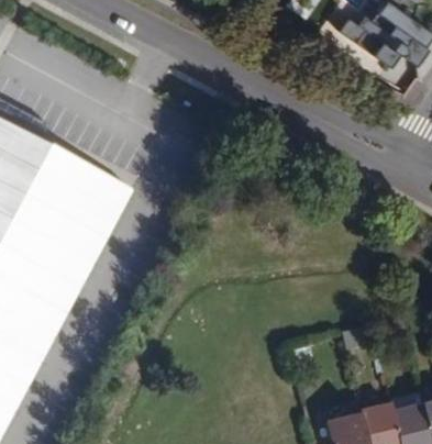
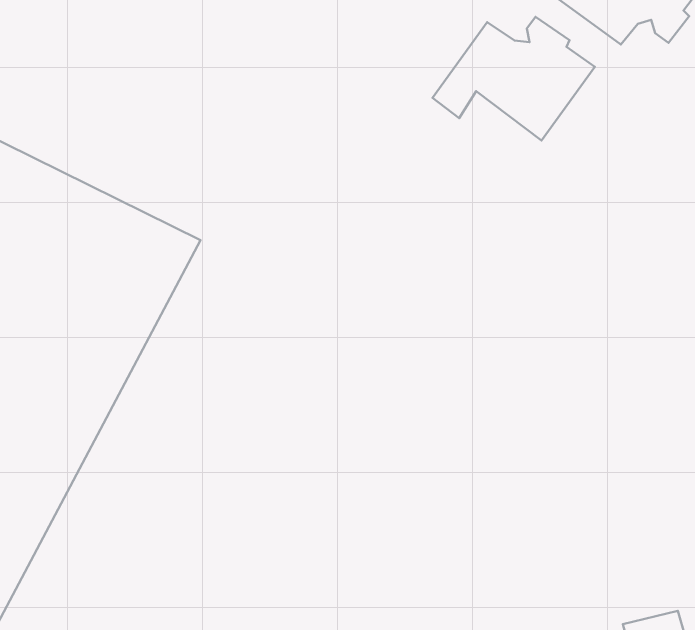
building: none -> [433,17,595,140]

